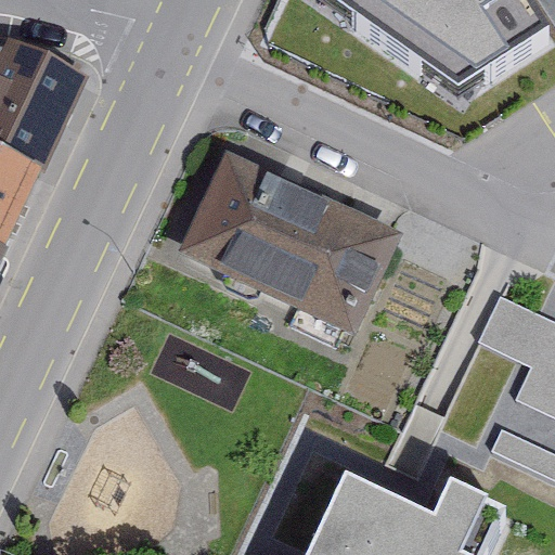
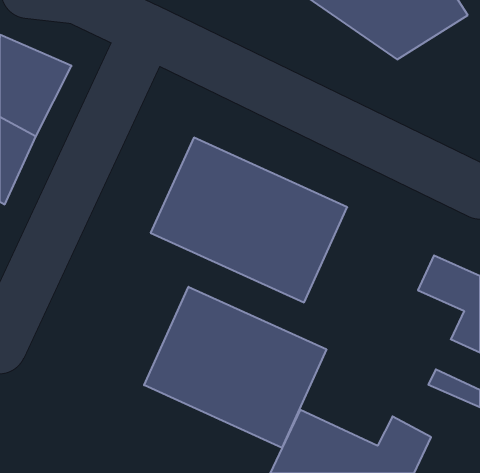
building: none -> [144,287,326,448]

